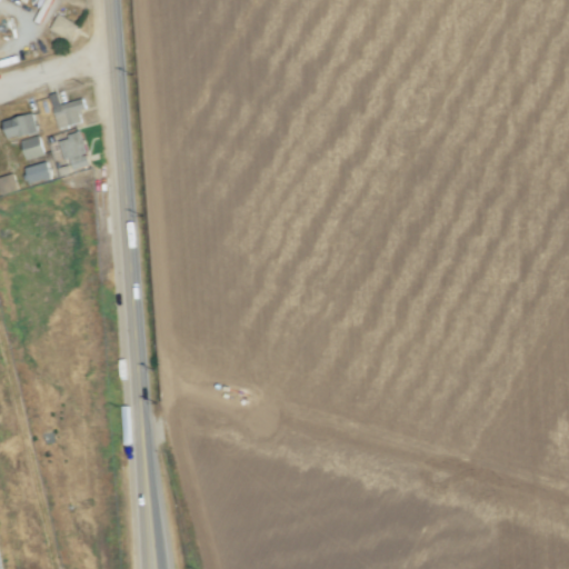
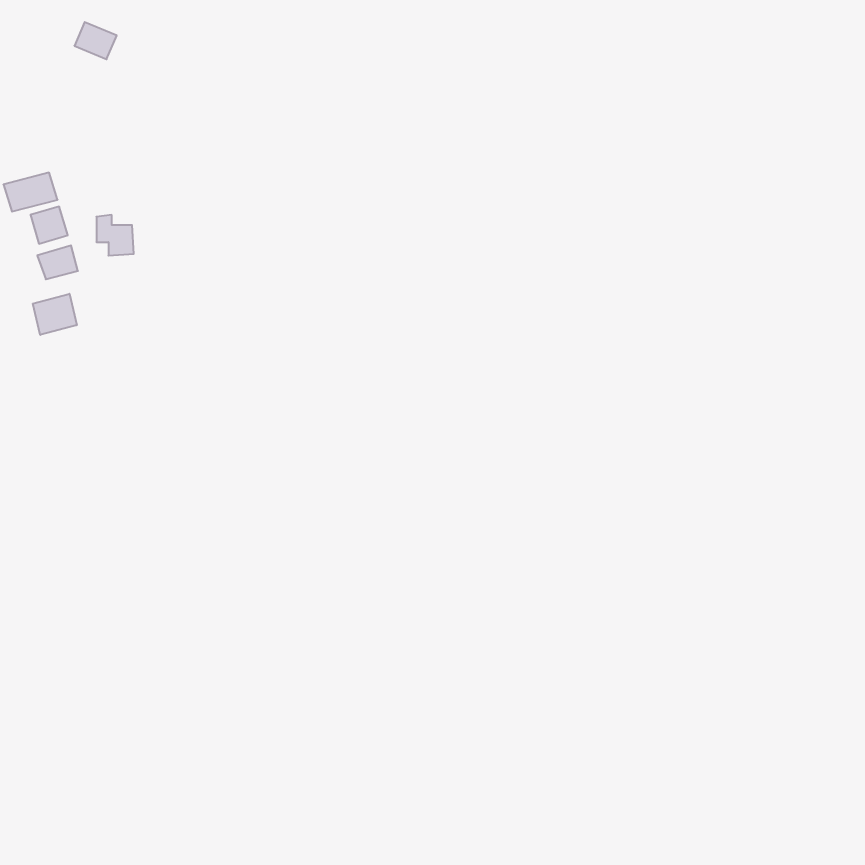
building: [52,99,86,129] -> none
building: none -> [33,294,77,335]

